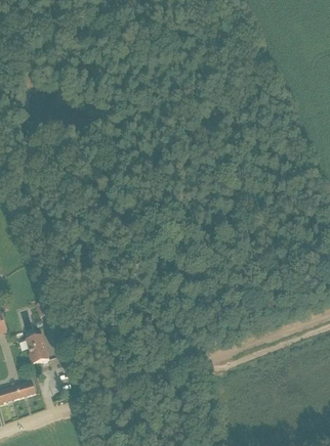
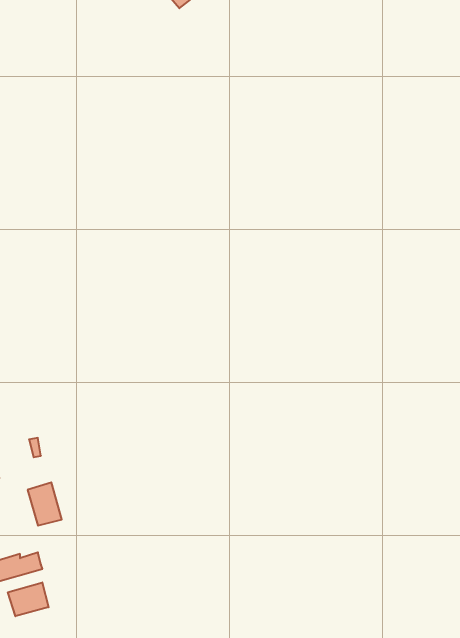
building: none -> [8,582,49,616]

